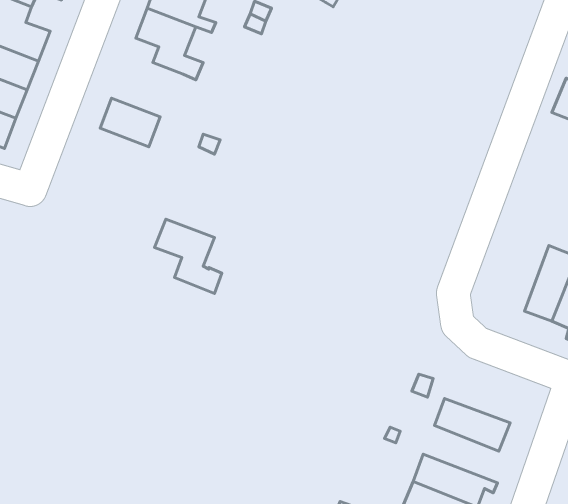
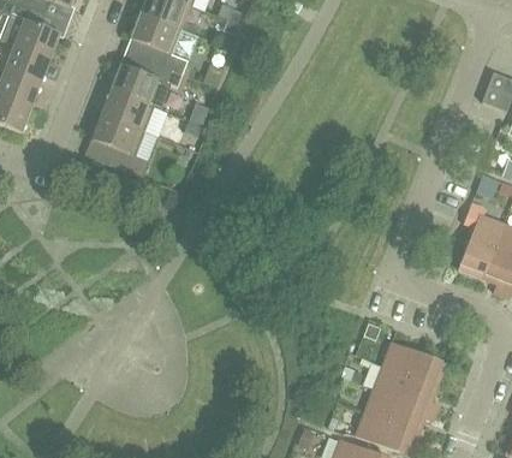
building: none -> [111,59,181,105]
building: [155,219,222,293] -> [91,114,148,177]
building: none -> [373,364,439,412]

